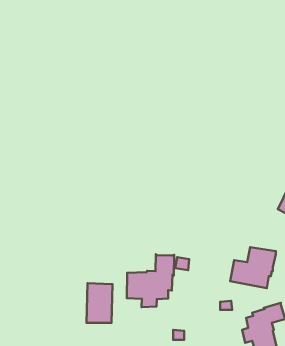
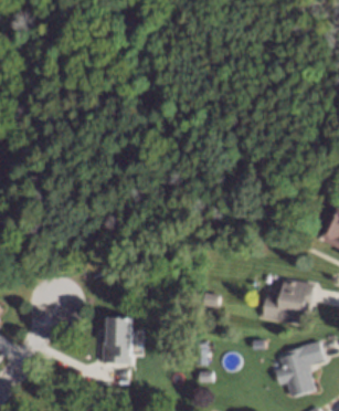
building: [127,254,174,307] -> none

